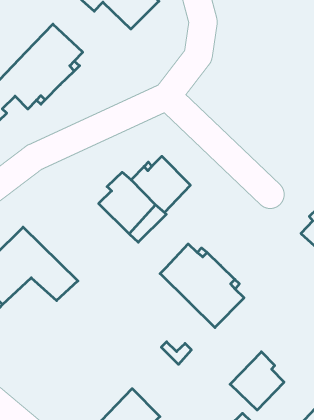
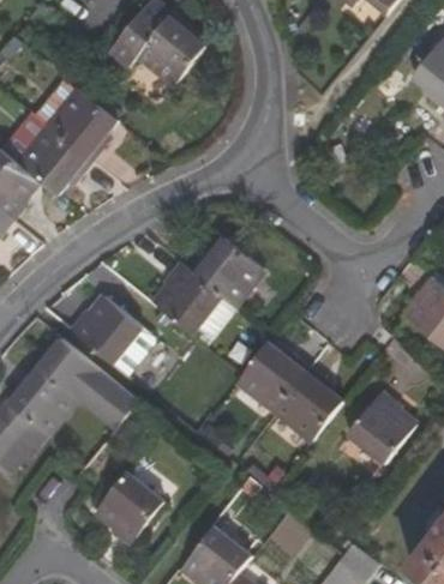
building: none -> [68,295,142,363]
building: none -> [96,474,162,544]
building: [230,352,284,410] -> [348,389,414,460]

